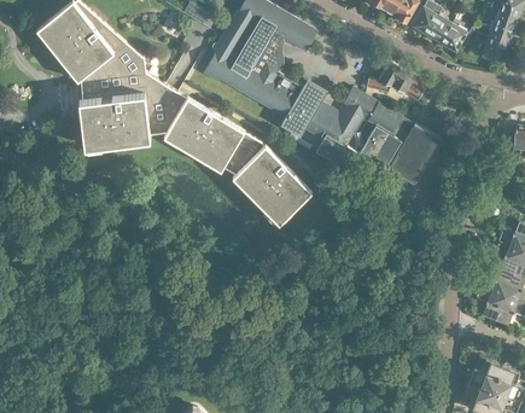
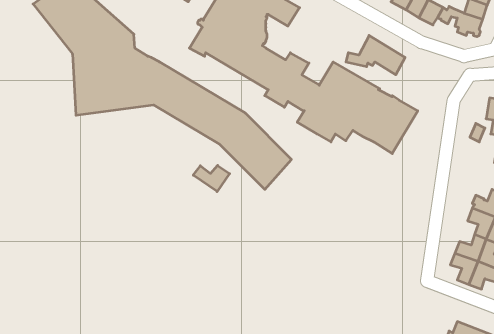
building: none -> [193,165,230,192]

